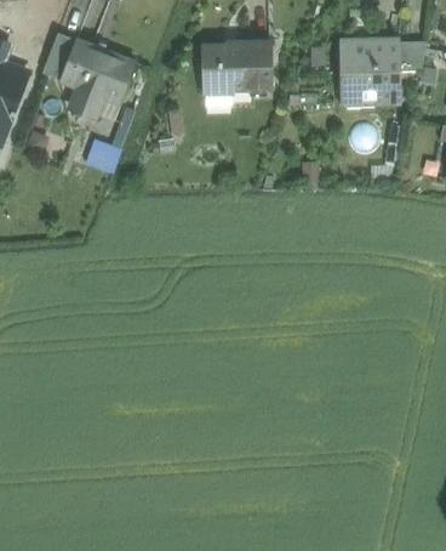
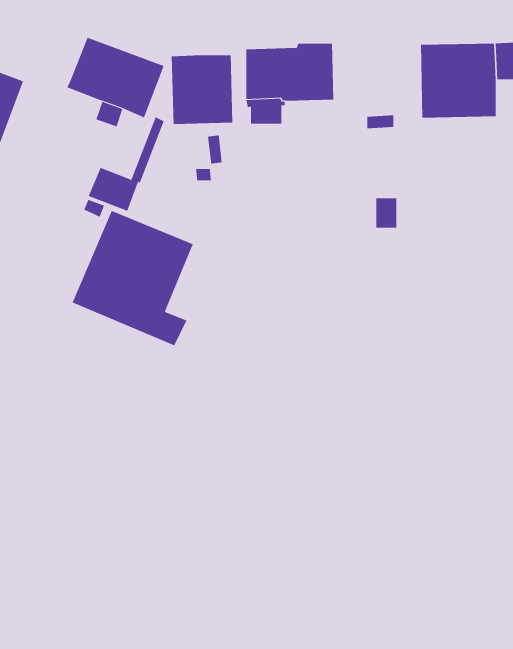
building: [44,30,75,72] -> none
building: none -> [171,54,233,125]
building: none -> [72,210,193,346]

